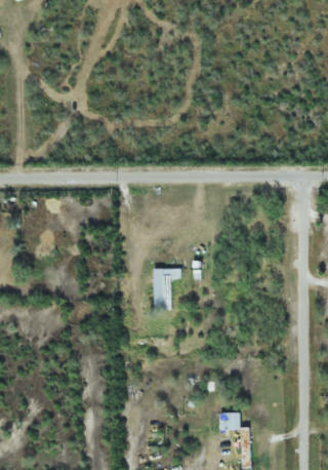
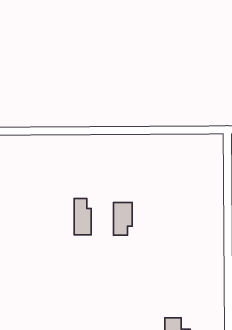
building: none -> [74,199,91,235]

